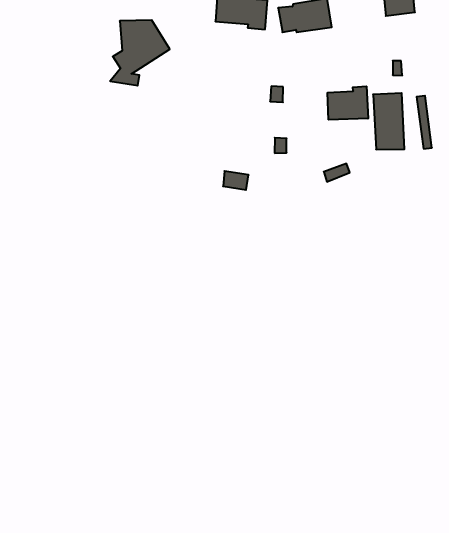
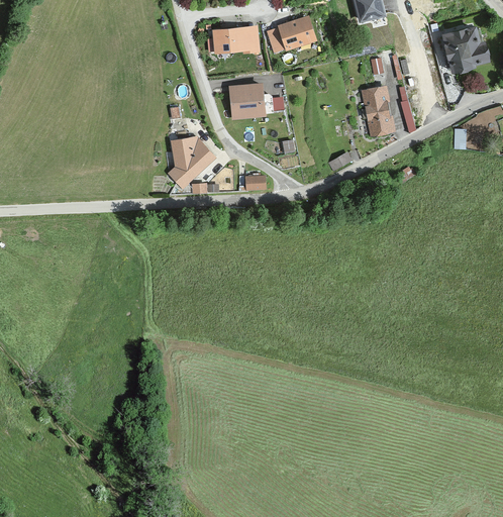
building: [110,20,170,86] -> [168,137,215,195]
building: none -> [229,84,263,118]
building: [328,86,368,120] -> none

